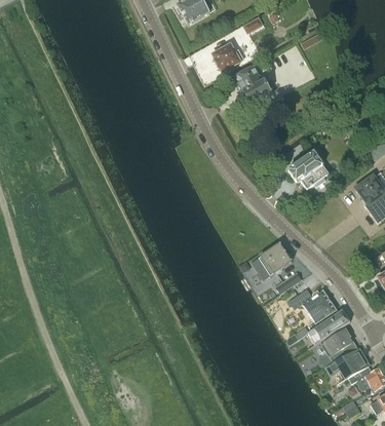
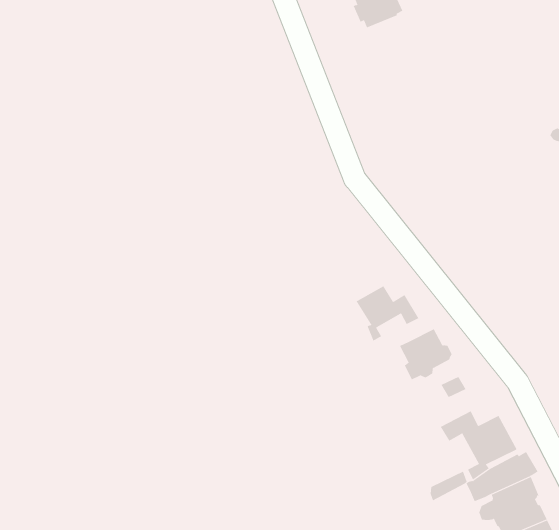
building: [235,66,268,105] -> none
building: [287,151,328,188] -> none
building: none -> [355,285,419,342]

